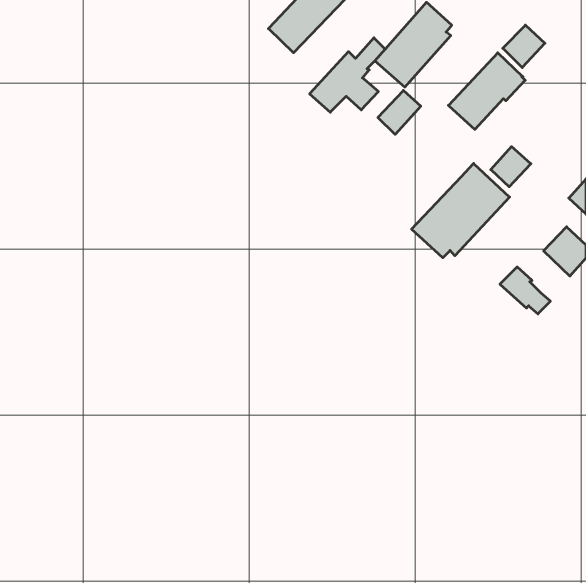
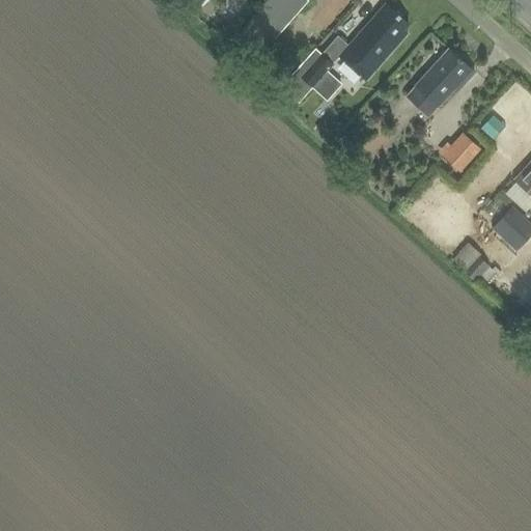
building: [503,25,545,68] -> none
building: [378,90,421,134] -> none
building: [412,163,510,258] -> none

